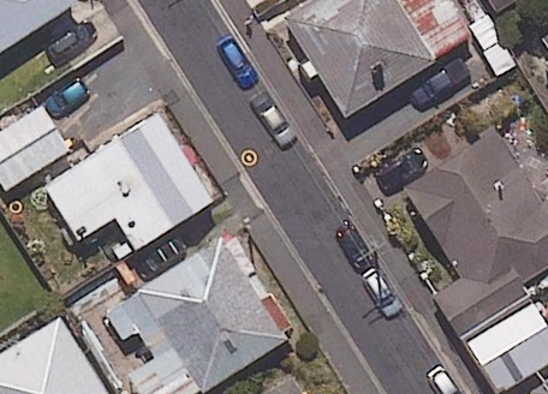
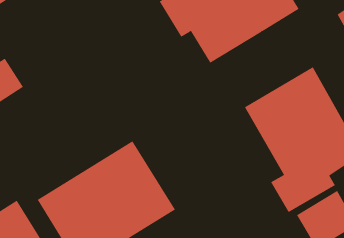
building: [44,114,212,249] -> none

